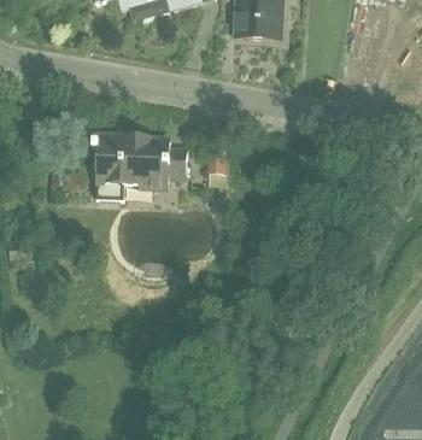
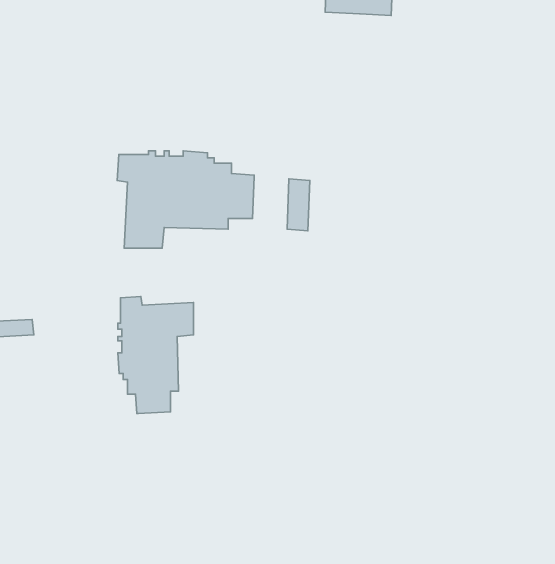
building: none -> [118,296,193,413]

